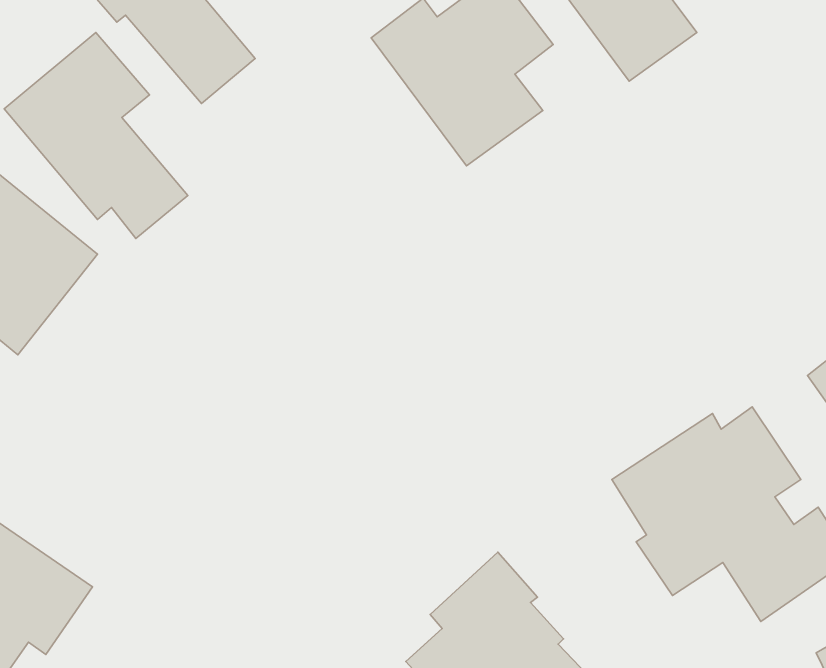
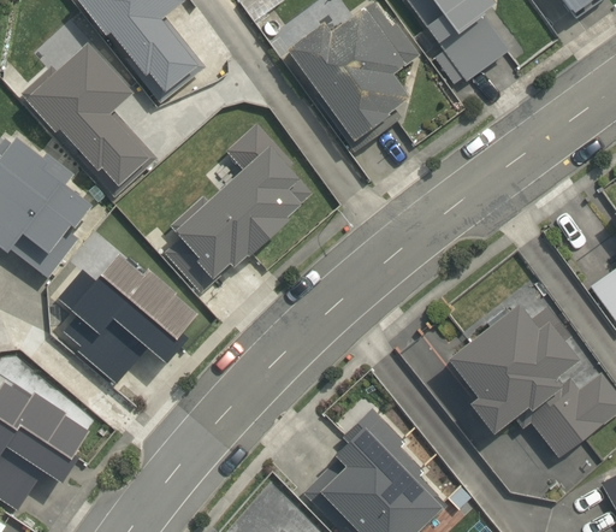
building: none -> [164,123,302,282]
building: none -> [49,252,201,379]

